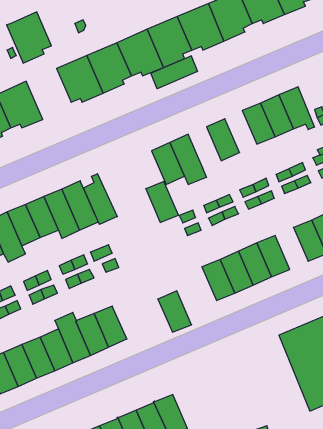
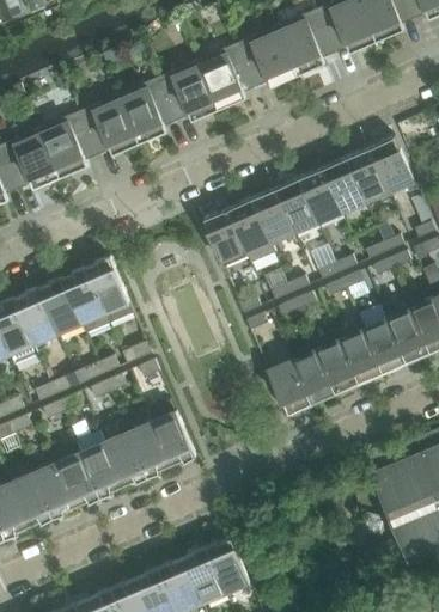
building: [7,12,51,63] -> [38,111,97,178]
building: [151,56,197,89] -> none
building: none -> [298,166,340,221]
building: [83,174,117,224] -> none
building: [146,181,179,222] -> [250,188,293,241]
building: none -> [364,319,407,374]
building: [158,291,192,332] -> [151,411,195,465]

